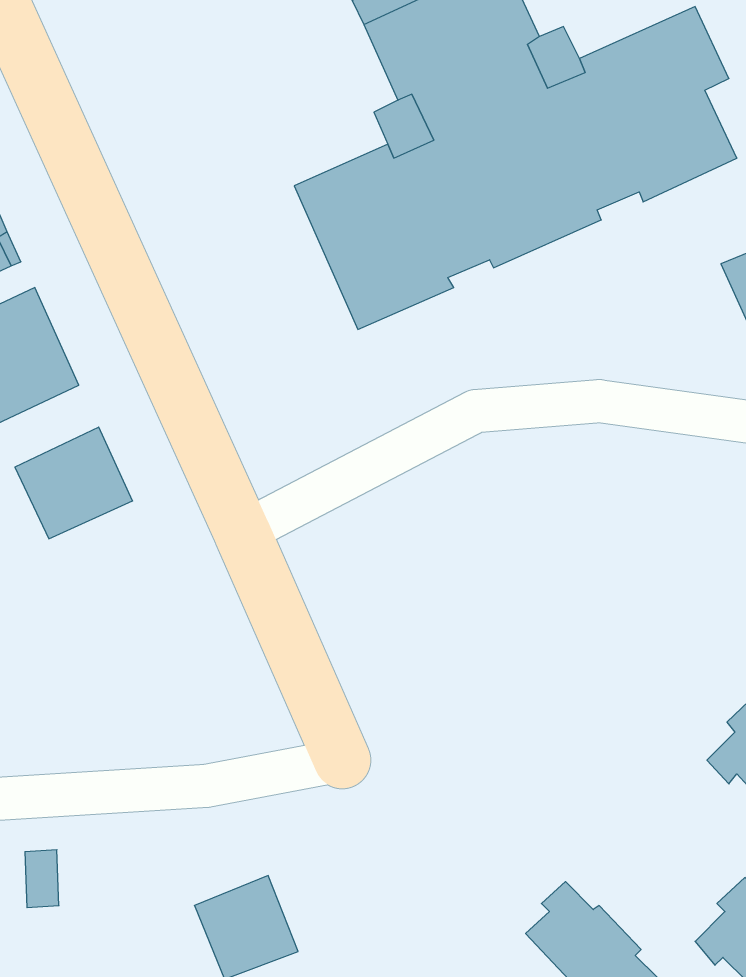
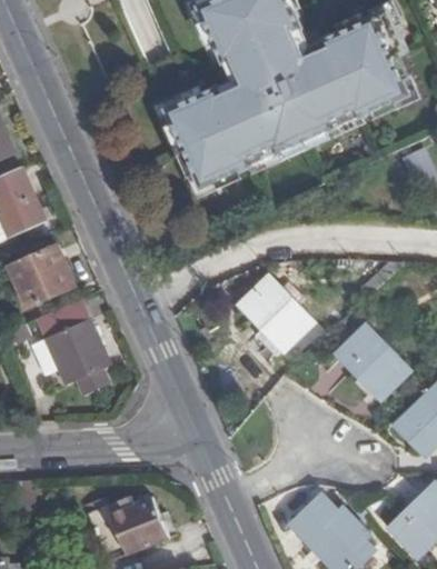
building: none -> [245,278,310,349]
building: none -> [36,299,110,393]
building: none -> [336,327,404,398]

